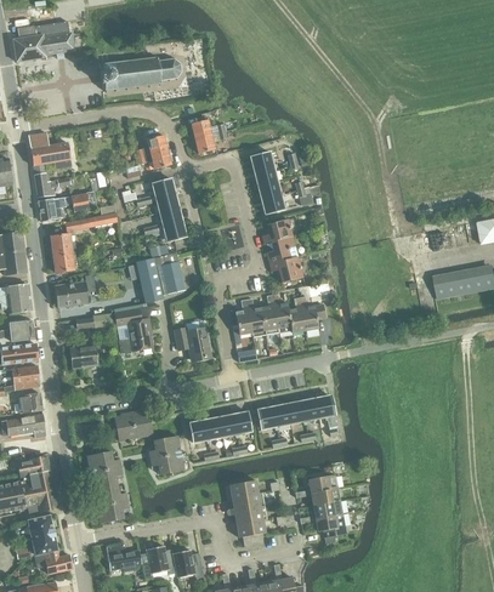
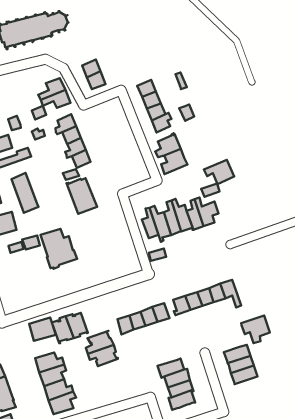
building: [268,256,302,283] -> [204,160,234,184]
building: [136,257,163,303] -> [12,173,39,213]
building: [174,330,210,362] -> none
building: [69,345,98,369] -> [29,318,56,341]
building: [314,513,346,543] -> [241,316,270,343]

